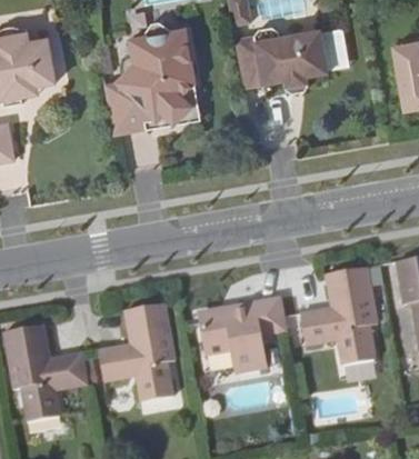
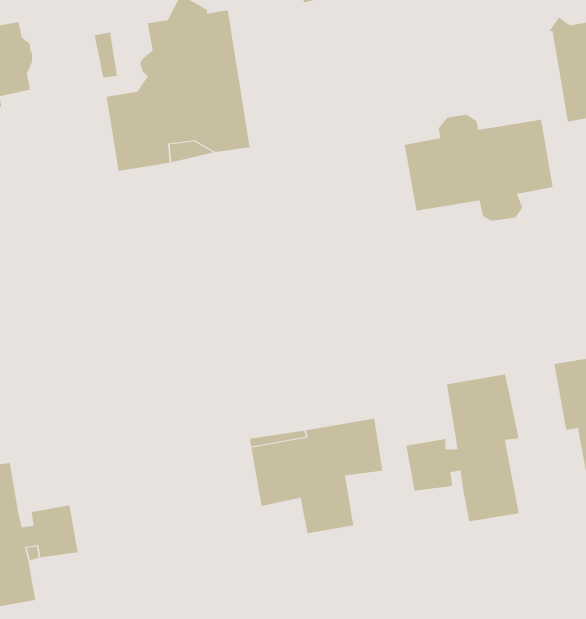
building: [237,39,335,109] -> [404,114,554,221]
building: [97,302,172,400] -> none

